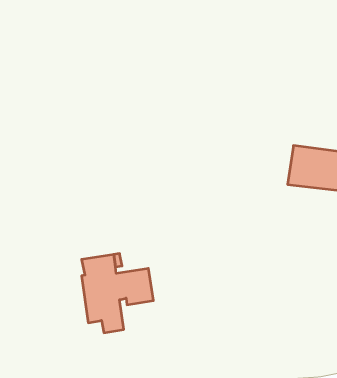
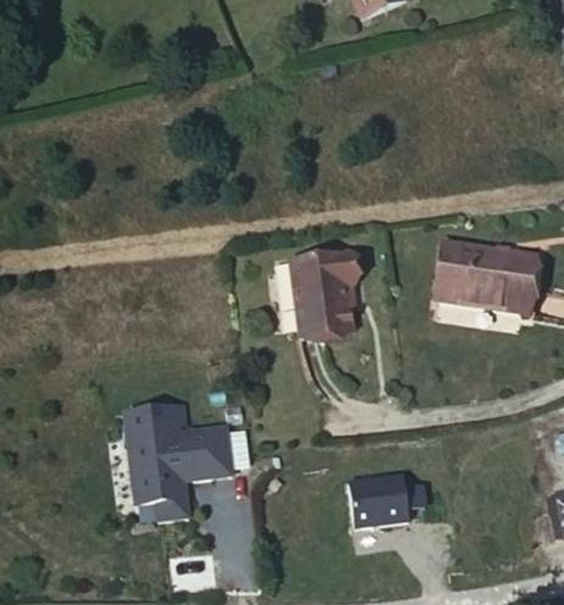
building: none -> [292,253,358,337]
building: none -> [347,474,428,531]

